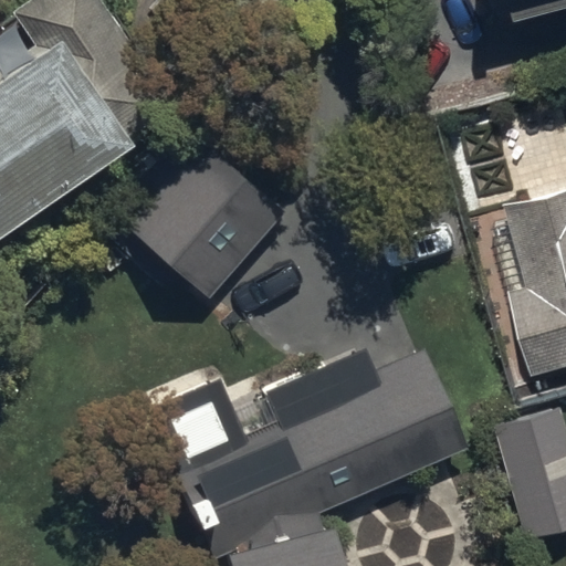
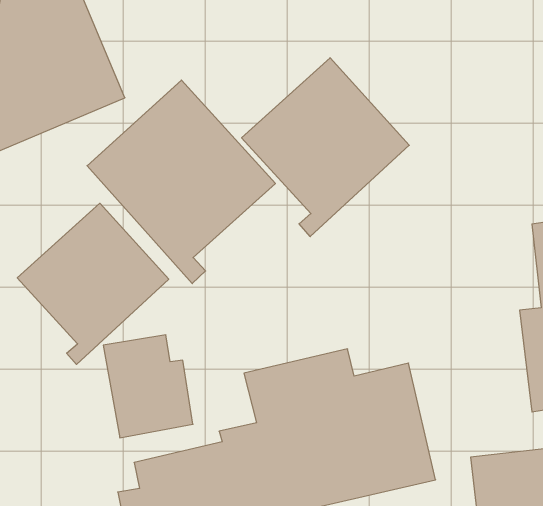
building: none -> [242,58,409,237]
building: none -> [17,203,169,364]

